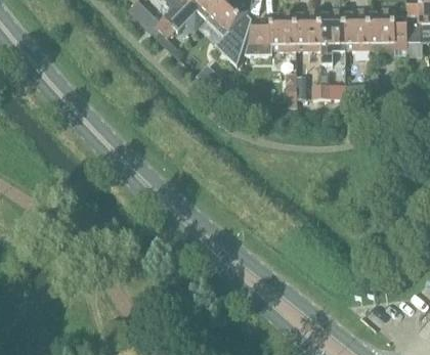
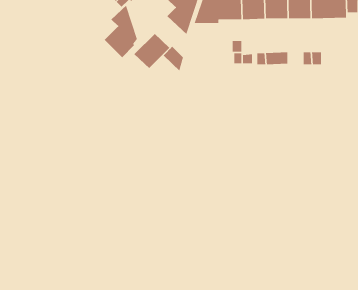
building: none -> [104,4,138,58]
building: none -> [134,33,170,69]

